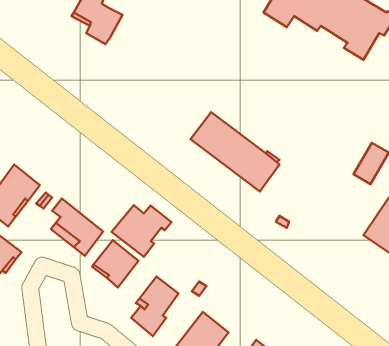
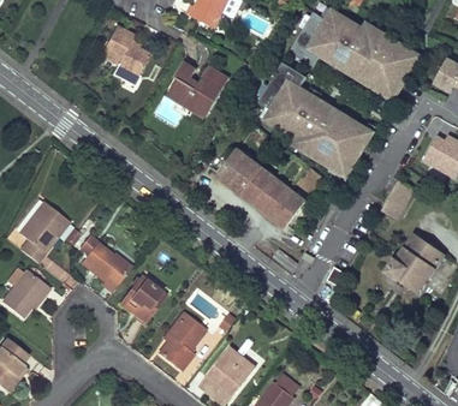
building: none -> [167,60,230,114]
building: none -> [258,61,369,177]
building: [112,205,171,257] -> none

